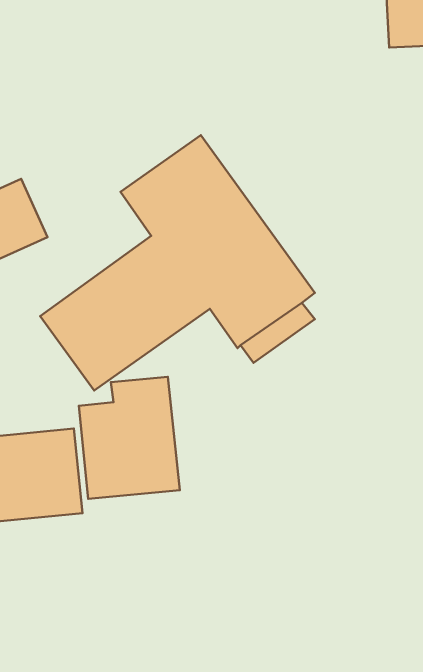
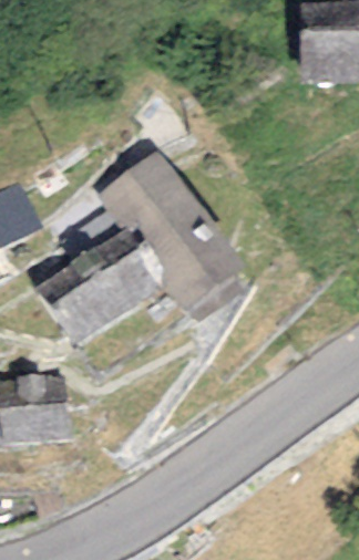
building: [79,377,180,499] -> none

